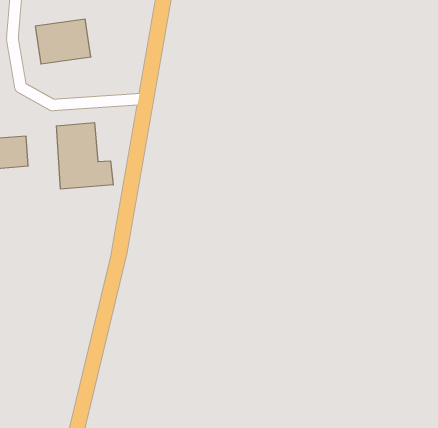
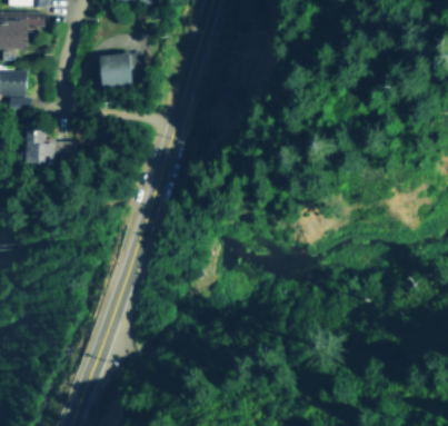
building: [56,123,113,189] -> none

